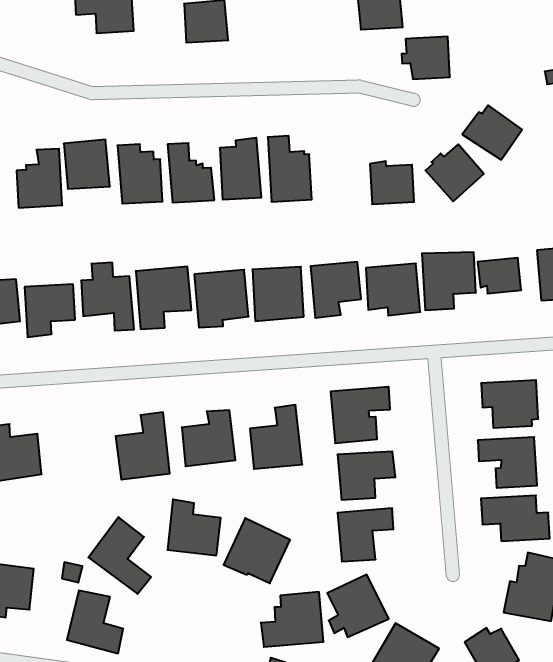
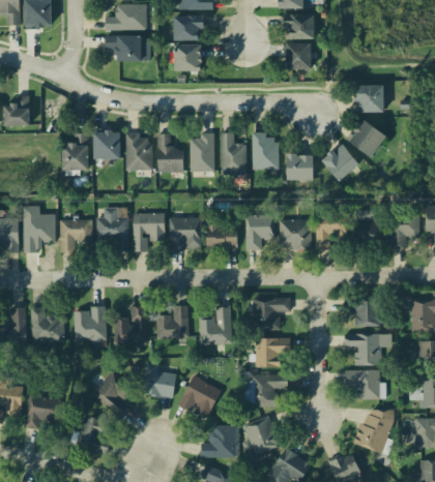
building: [402,37,450,79] -> [352,85,382,111]
building: none -> [253,132,280,169]
building: none -> [74,305,108,341]

